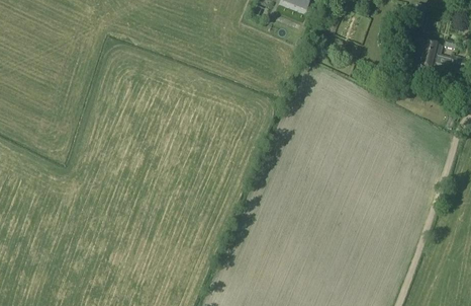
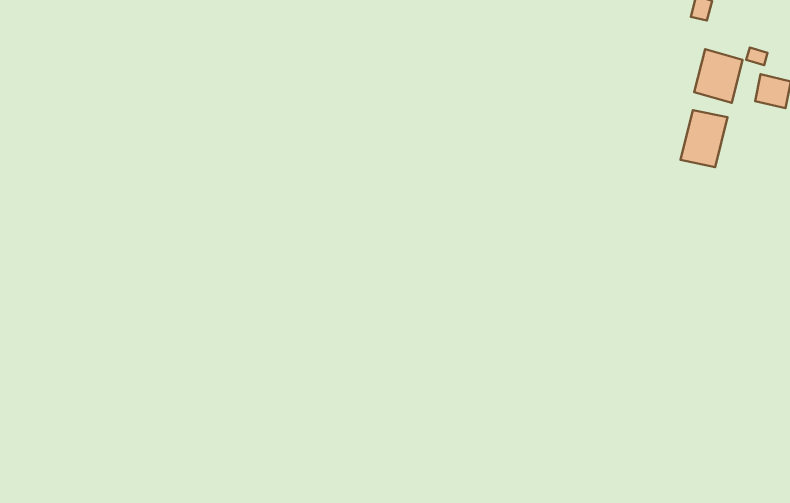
building: none -> [680,110,727,167]

